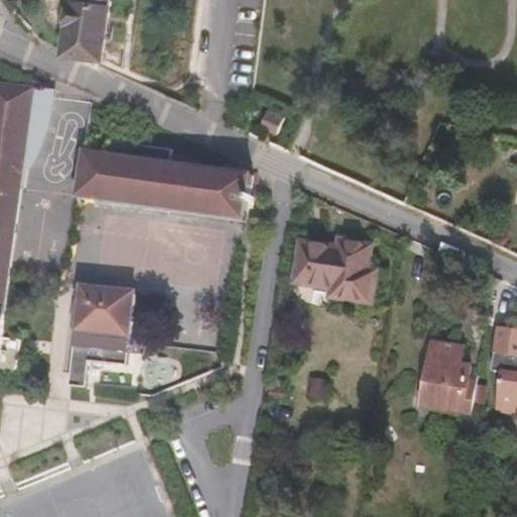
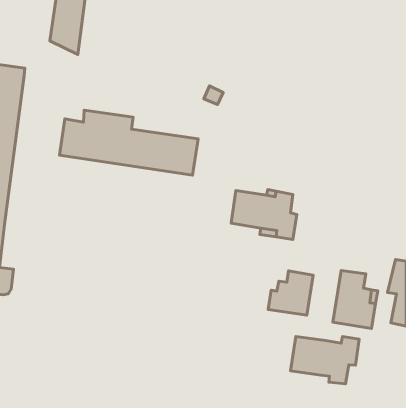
building: [67,284,132,350] -> none
building: none -> [268,271,313,315]
building: none -> [291,336,359,384]

